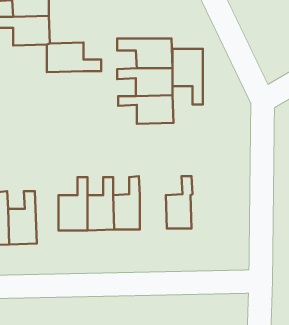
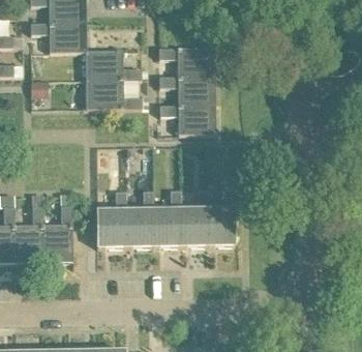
building: [173,49,203,105] -> none
building: none -> [84,80,142,109]
building: none -> [181,189,209,245]

